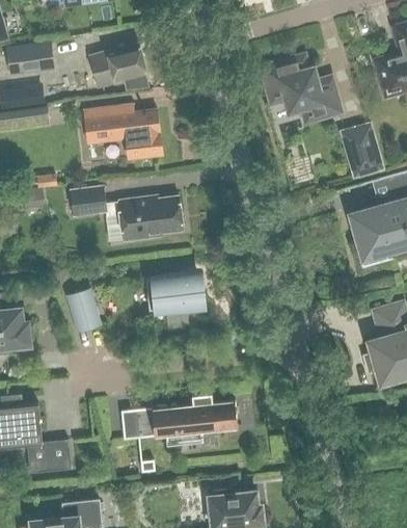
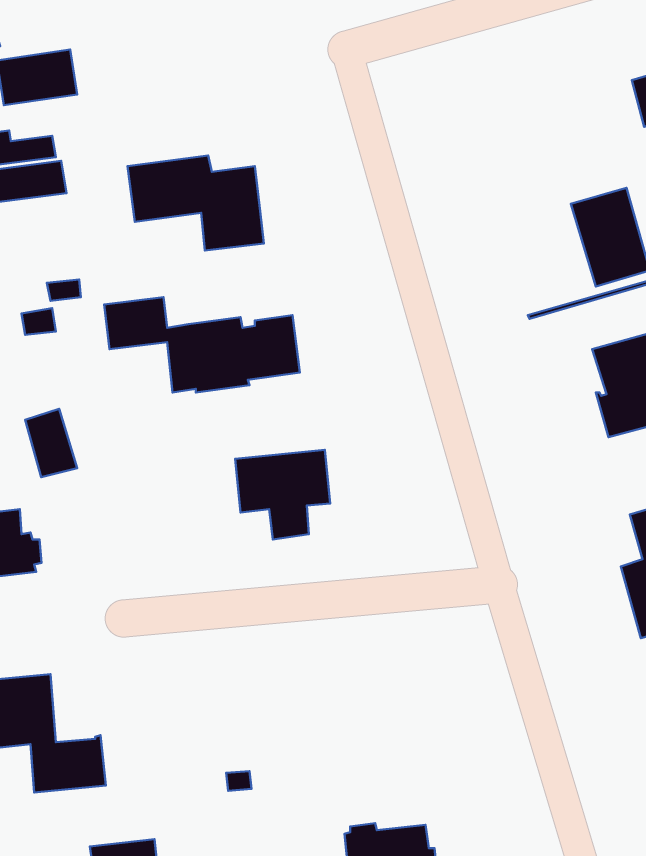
building: [90,44,148,89] -> none
building: [266,57,340,123] -> none
building: [69,290,99,329] -> [25,409,77,477]
building: [135,393,238,443] -> none

